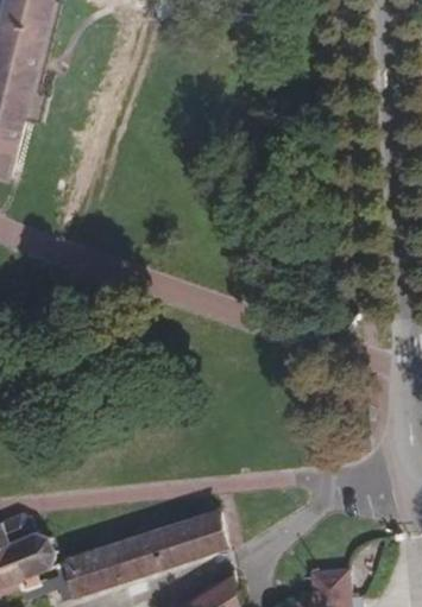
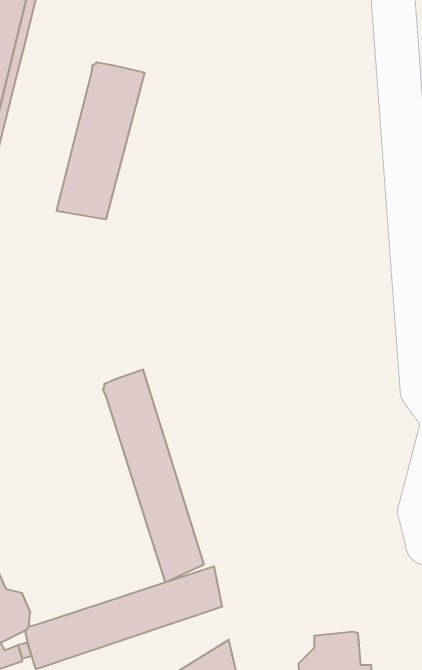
building: none -> [57,62,145,219]
building: none -> [103,369,204,582]

